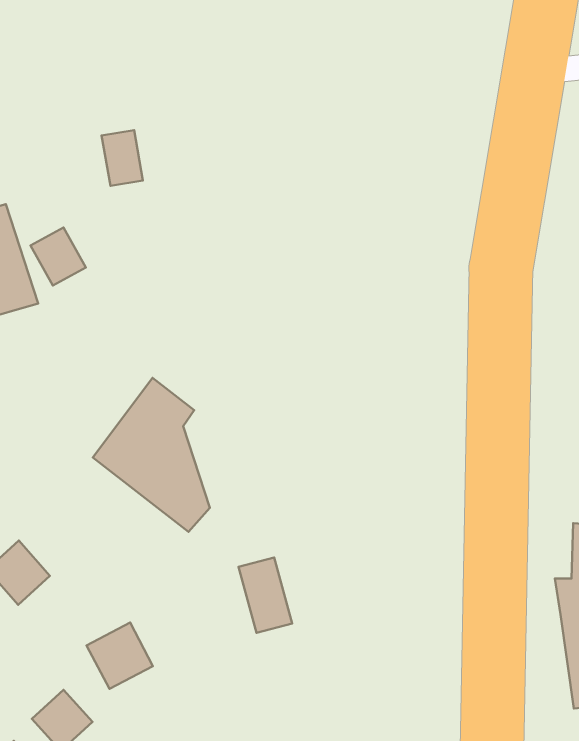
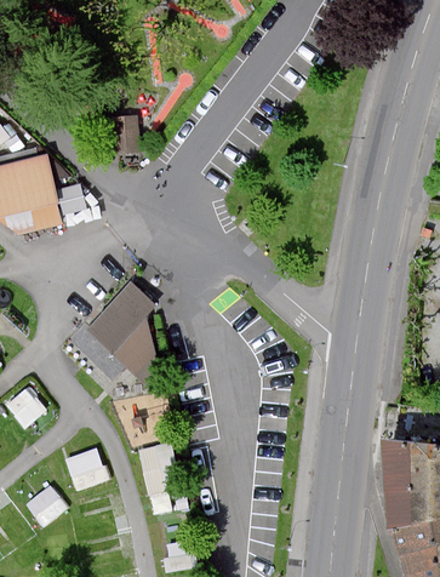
building: [239,557,292,633] -> [143,447,175,496]

